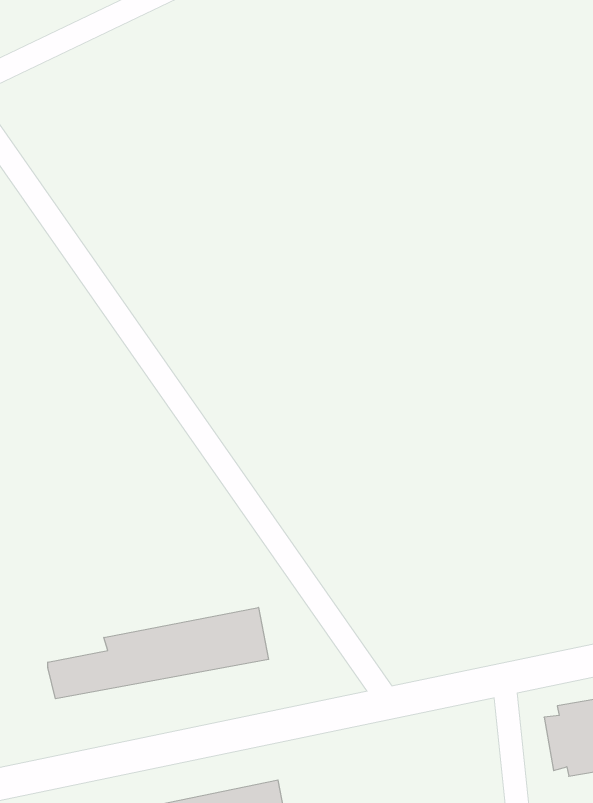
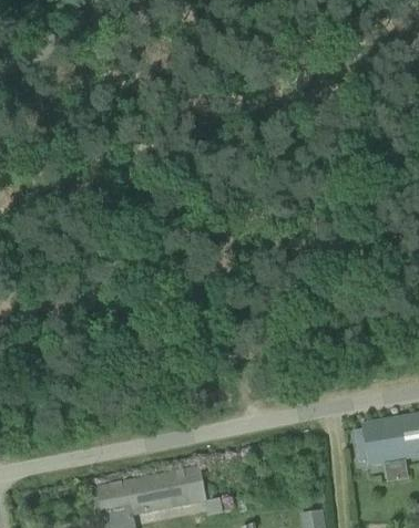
building: [48,607,269,699] -> none

